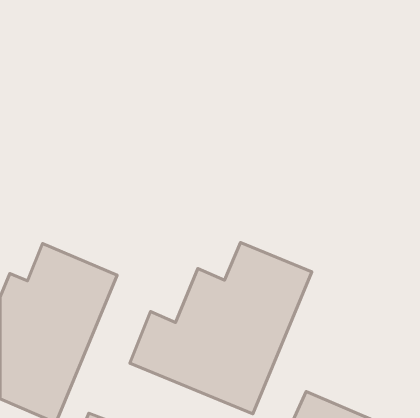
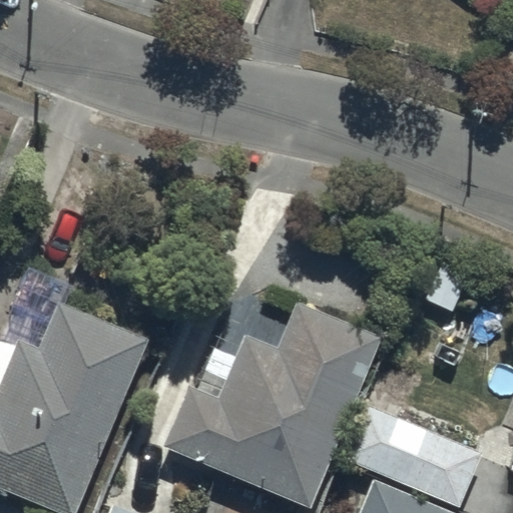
building: none -> [343,405,483,508]

